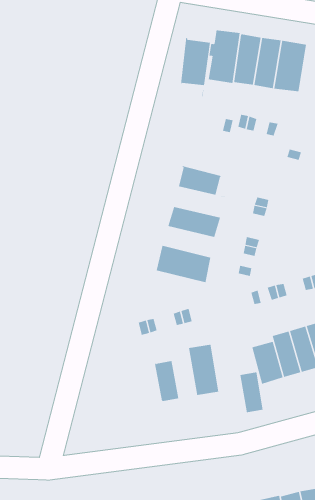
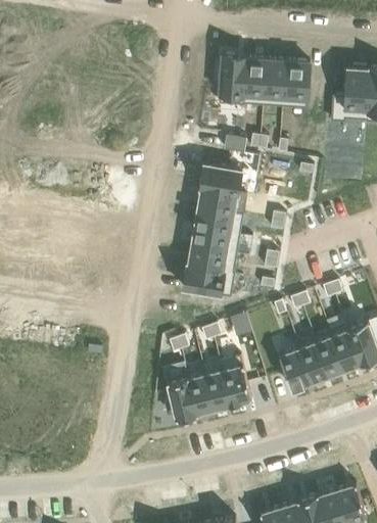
building: [181,37,211,97] -> none
building: none -> [199,162,242,193]
building: none -> [194,206,243,233]
building: none -> [186,245,236,272]
building: [240,362,264,413] -> [204,360,230,409]
building: none -> [163,376,197,419]

